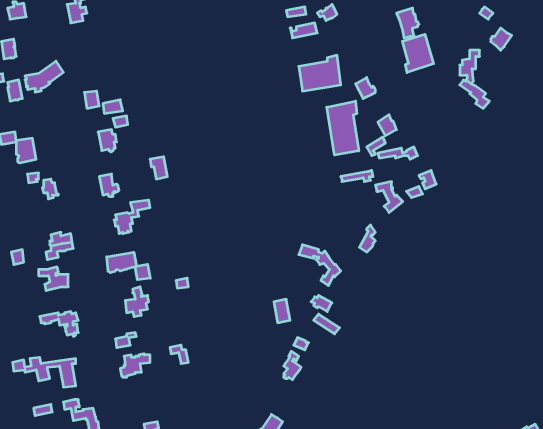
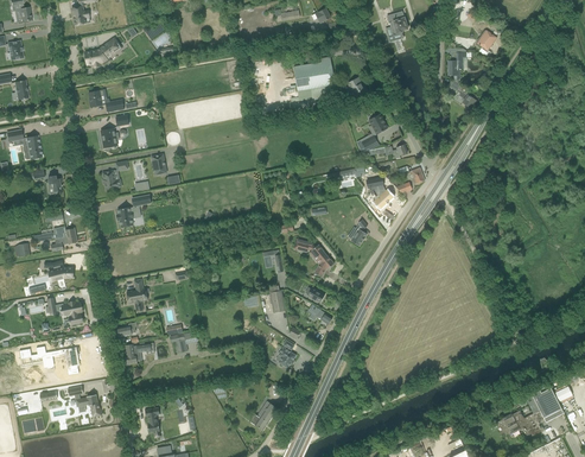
building: [402,34,434,73] -> none
building: [25,61,63,92] -> [83,37,120,66]
building: [327,101,359,155] -> none
building: [107,252,150,280] -> none

